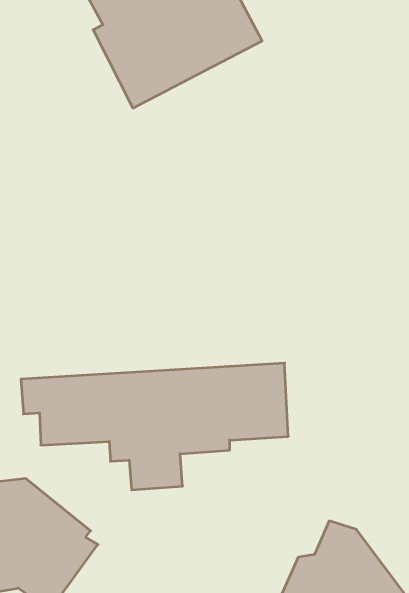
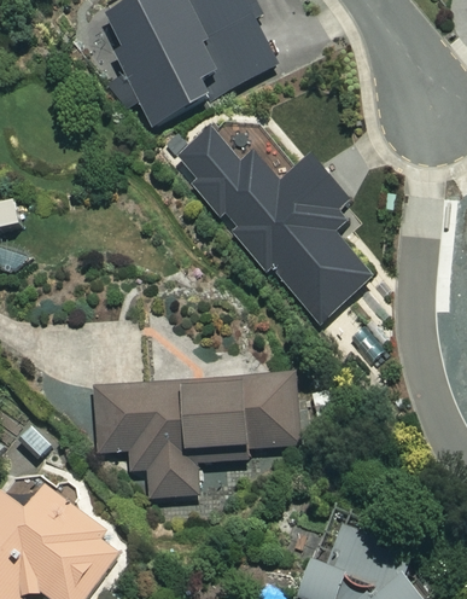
building: none -> [180,127,373,321]

